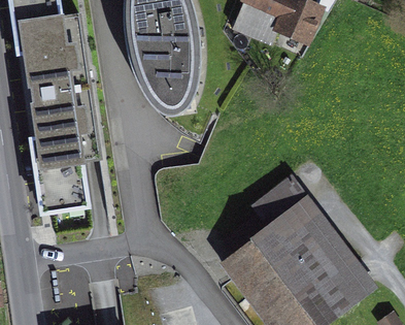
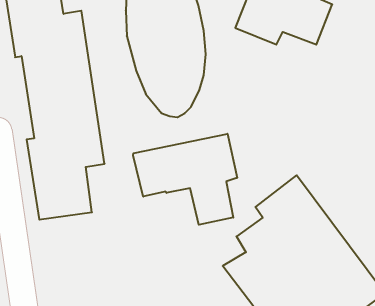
building: none -> [133,134,237,225]

